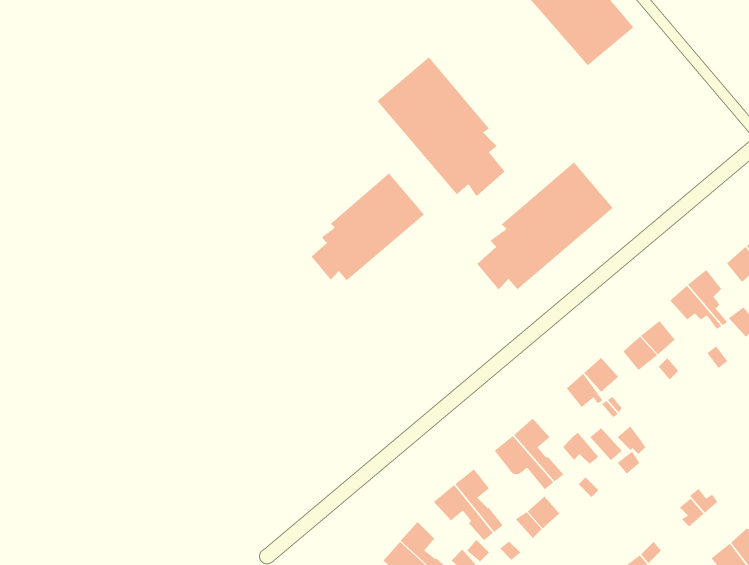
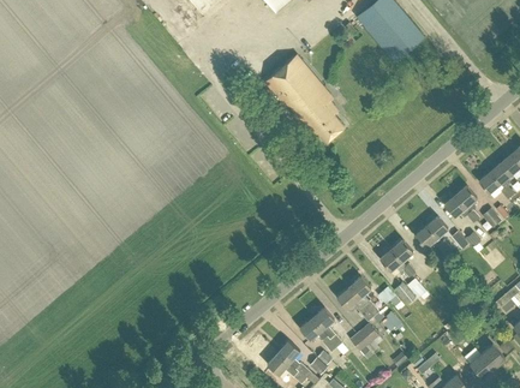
building: [476,161,614,290] -> none
building: [311,173,425,281] -> none

